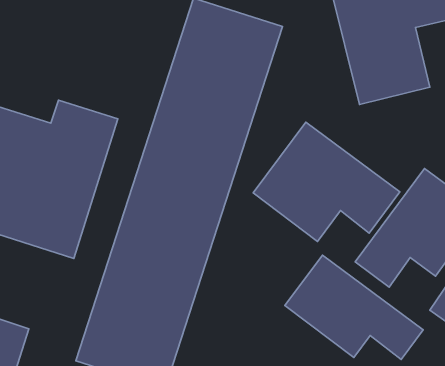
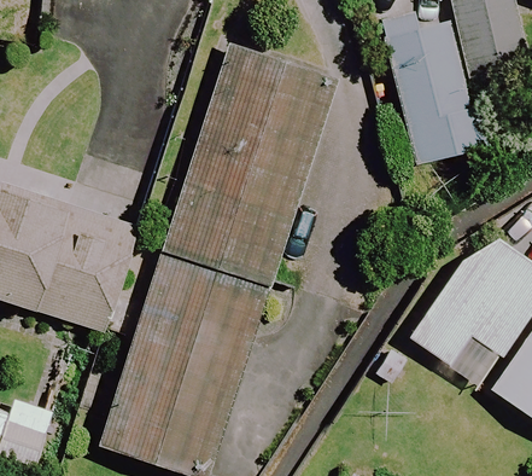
building: [253,122,400,241] -> none
building: [285,255,423,359] -> none

